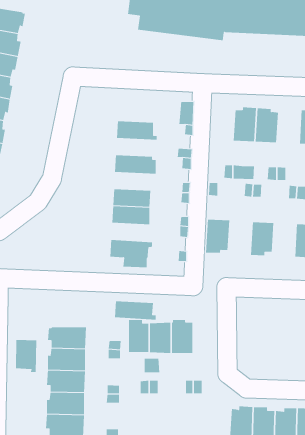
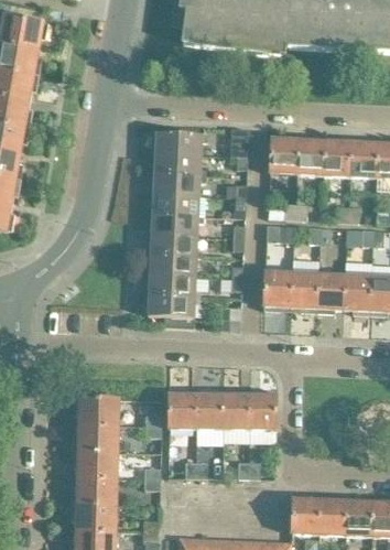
building: none -> [155,130,201,153]
building: none -> [269,133,296,175]
building: none -> [347,137,376,179]
building: none -> [153,172,204,194]
building: none -> [151,213,203,235]
building: none -> [289,270,317,312]
building: none -> [342,273,370,314]
building: [114,301,156,320] -> [148,273,198,296]
building: none -> [247,389,274,430]
building: [15,339,37,373] -> none

